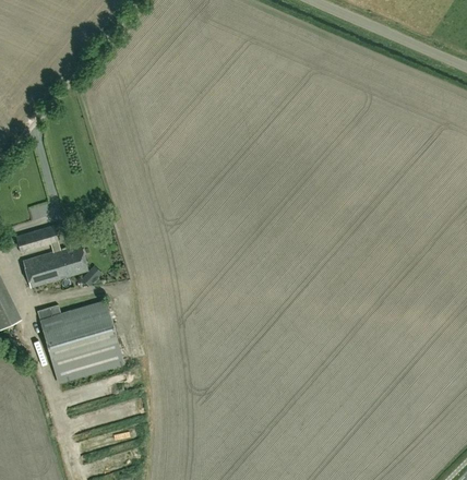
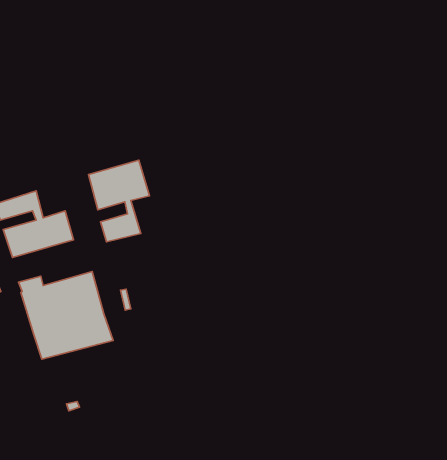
building: none -> [89,160,149,242]

